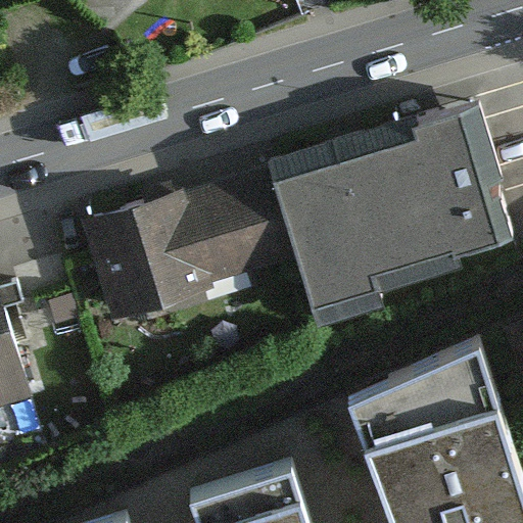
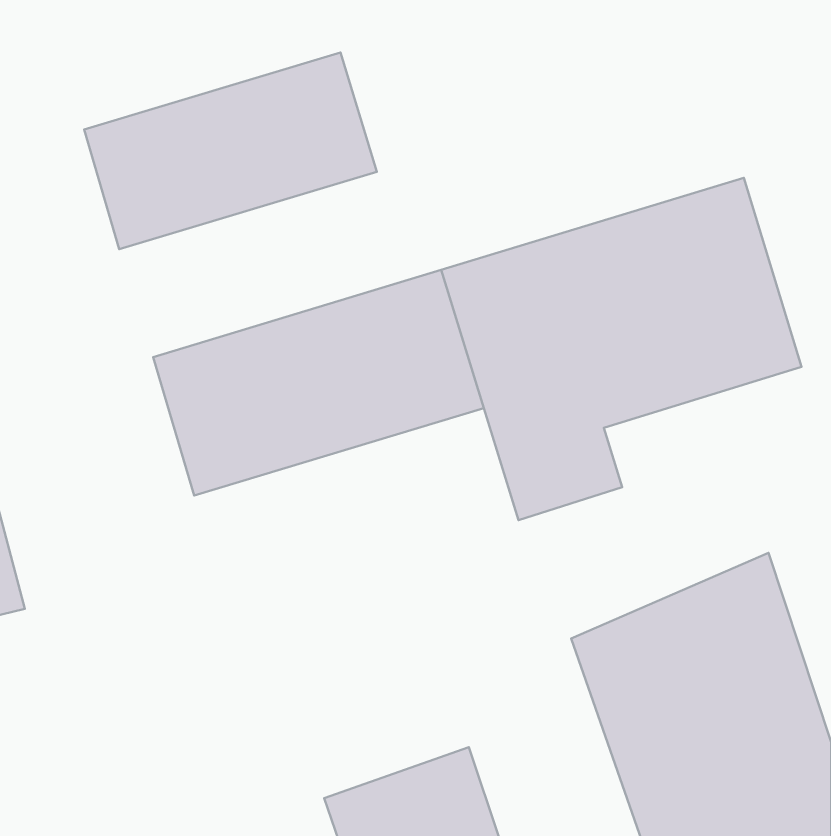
building: none -> [84,53,377,249]

